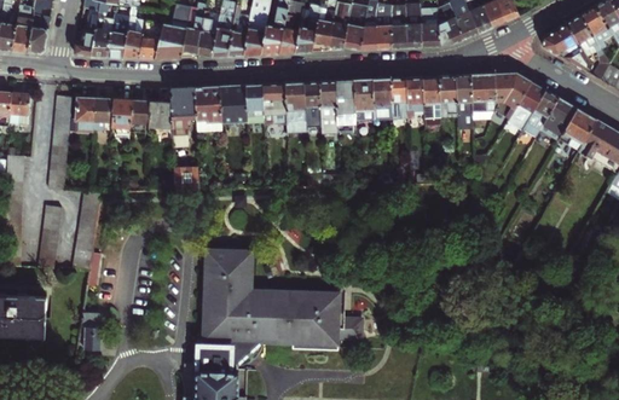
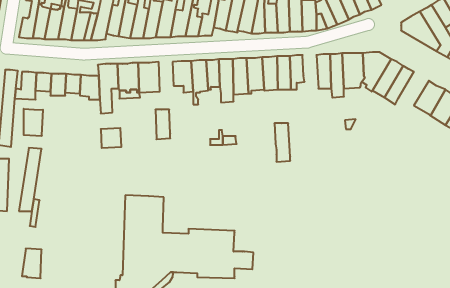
building: [422,77,441,124] -> [274,123,290,162]
building: [245,86,264,122] -> [155,110,170,139]
building: [539,98,577,141] -> none
building: none -> [24,109,43,136]

